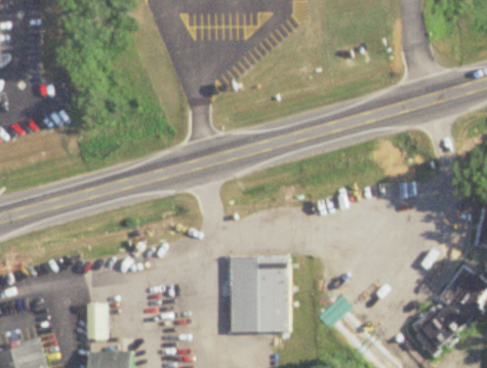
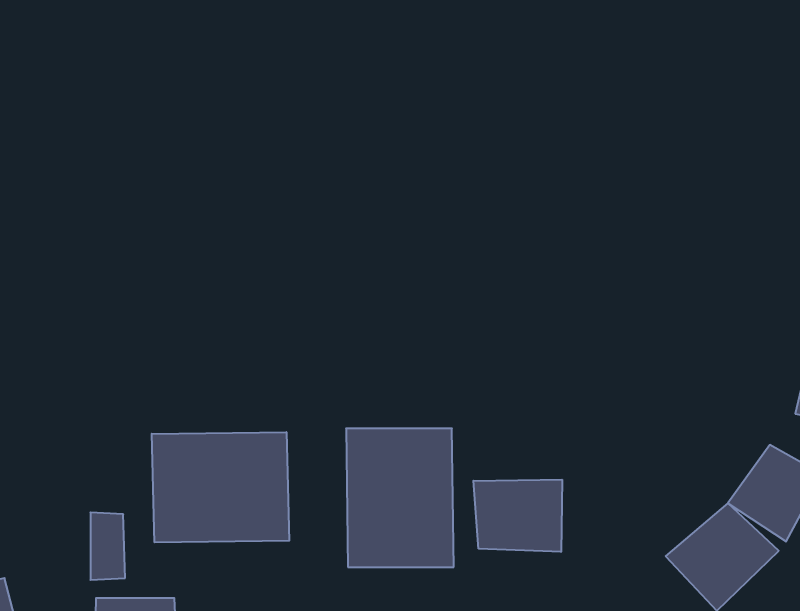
building: none -> [152,432,289,542]
building: none -> [473,480,562,552]

